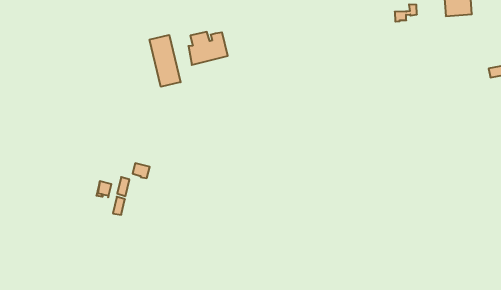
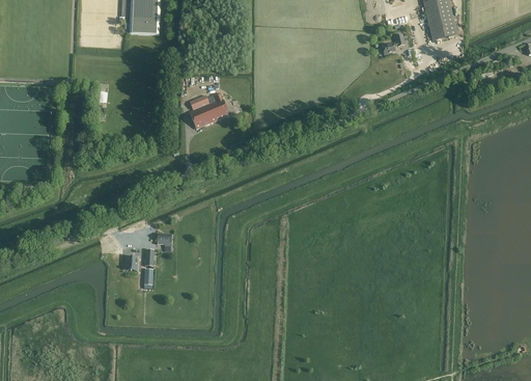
building: [150,35,181,87] -> none

